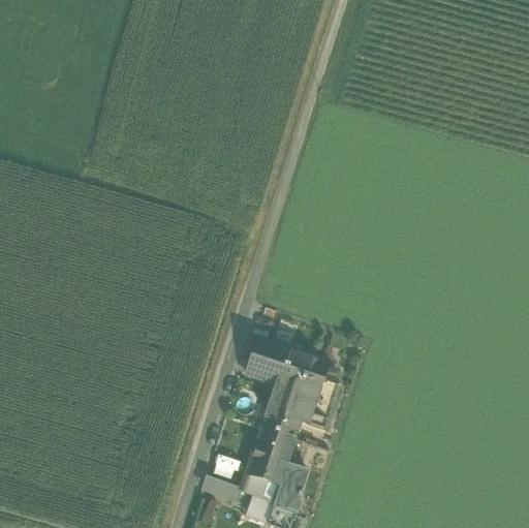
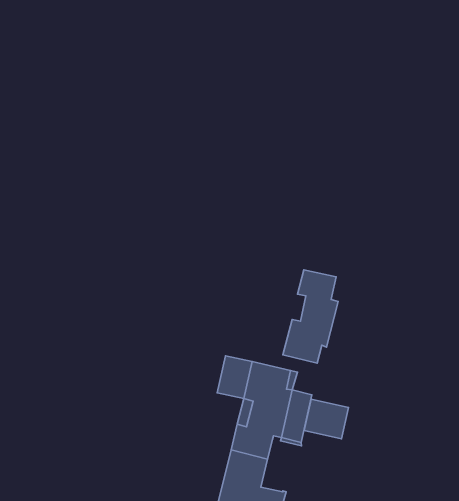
building: none -> [283,270,338,363]
building: none -> [304,399,349,439]

